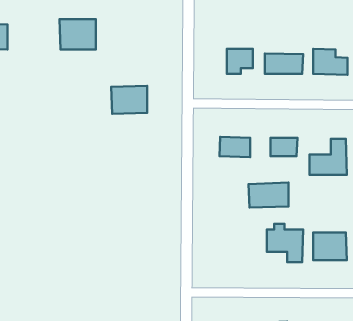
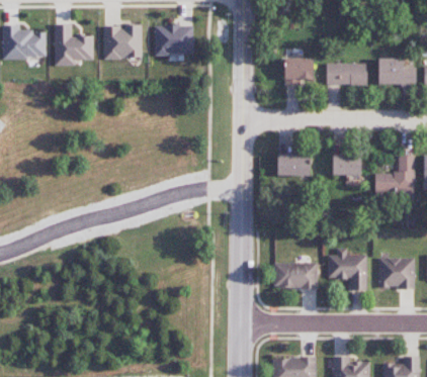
building: none -> [54,23,93,66]
building: [111,86,147,114] -> [154,24,193,55]
building: [248,182,288,207] -> [273,262,317,289]

